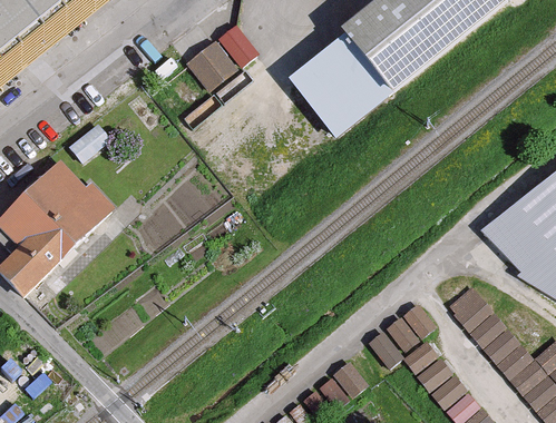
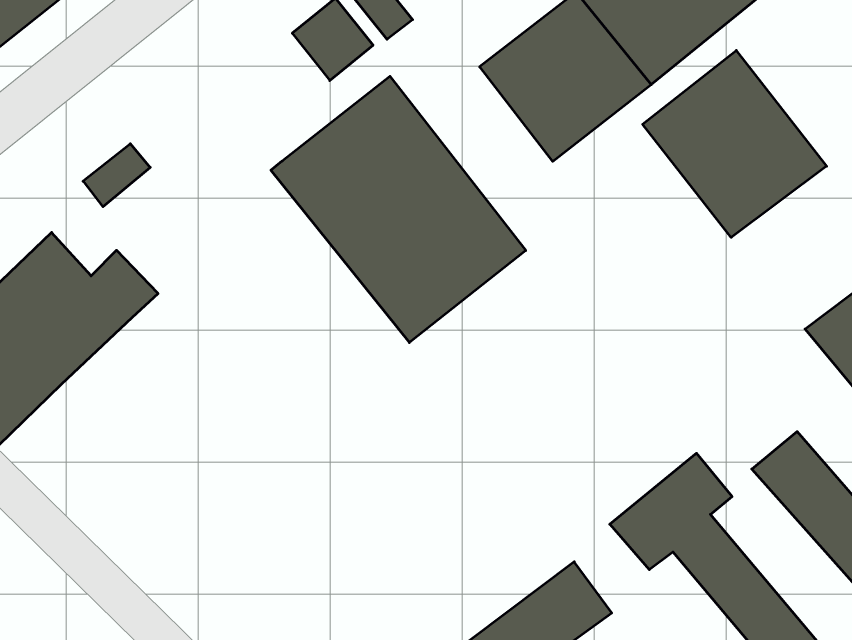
building: none -> [643,50,827,237]
building: none -> [271,76,526,343]

